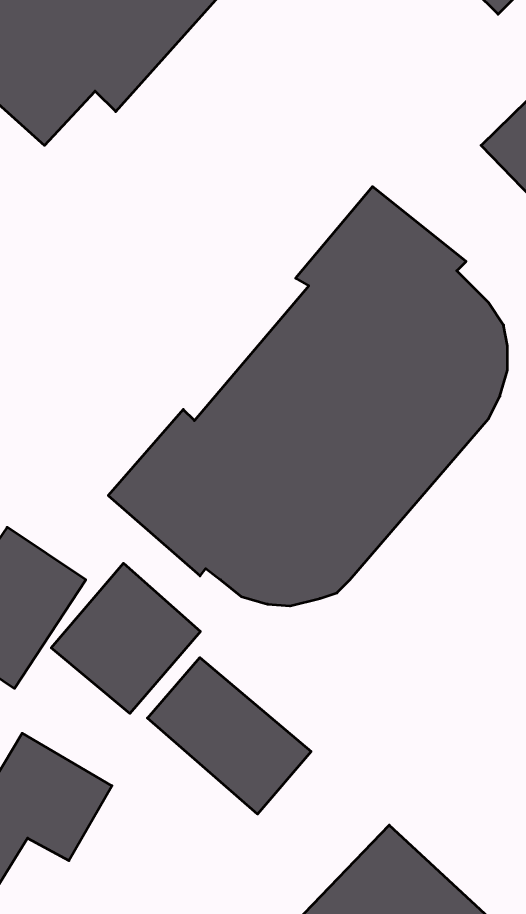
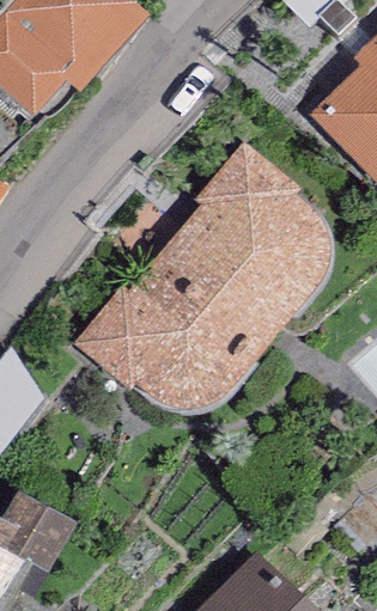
building: [51,563,200,713] -> none
building: [147,658,311,814] -> none

